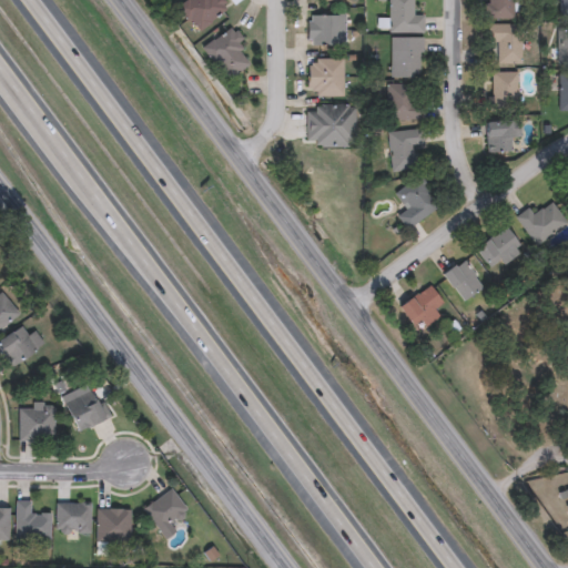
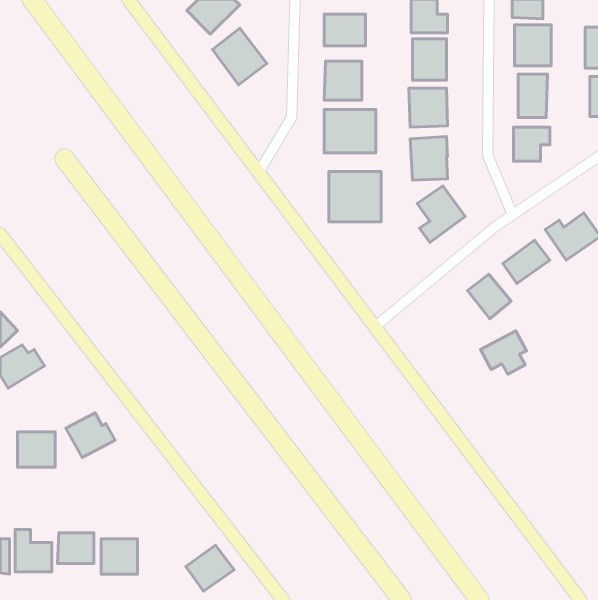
building: none -> [329,171,381,222]
building: [399,285,443,326] -> [481,331,526,374]
building: [144,488,190,531] -> [186,545,234,591]

